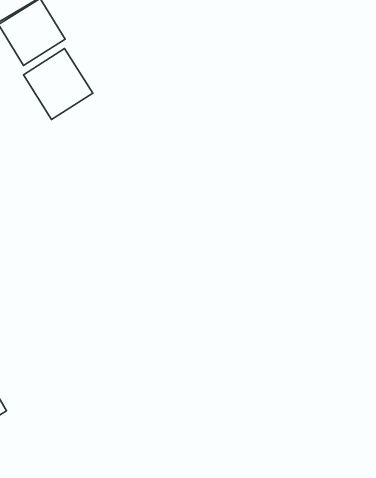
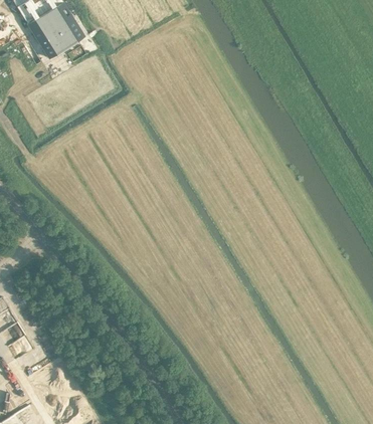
building: [23,48,93,120] -> none

